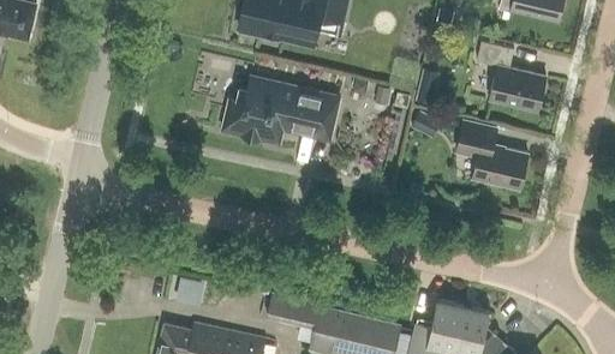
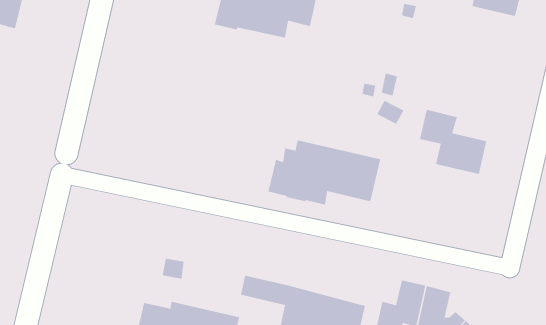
building: [477,42,547,112] -> none
building: [220,77,340,146] -> [268,140,381,206]

